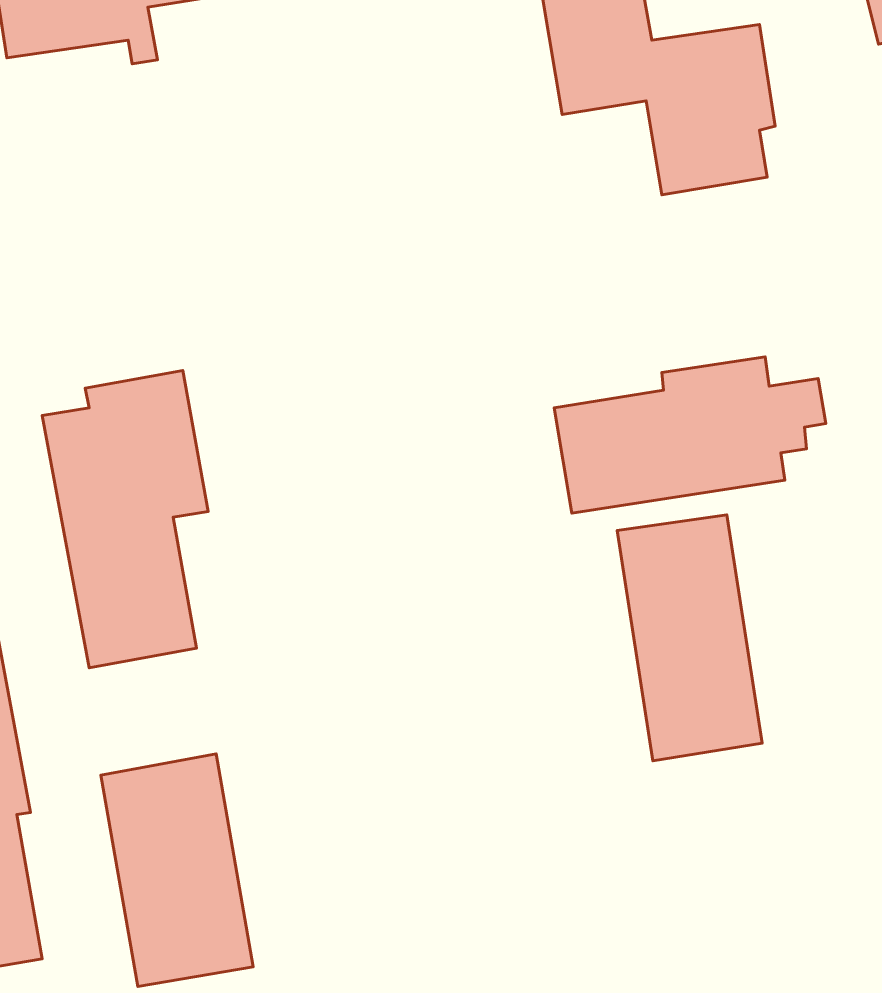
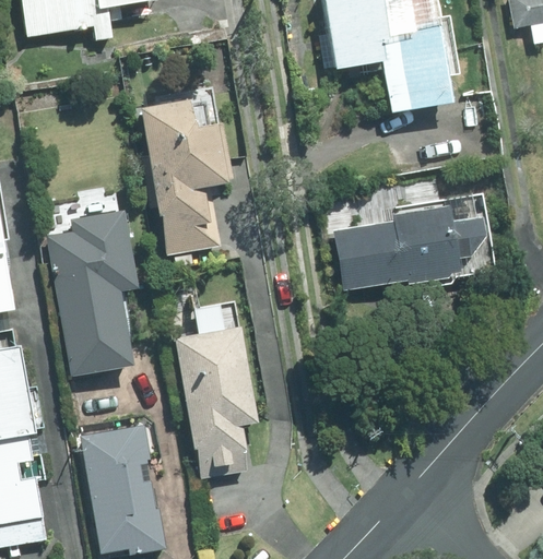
building: none -> [139,97,233,255]
building: [617,515,762,761] -> none
building: none -> [173,324,257,484]

